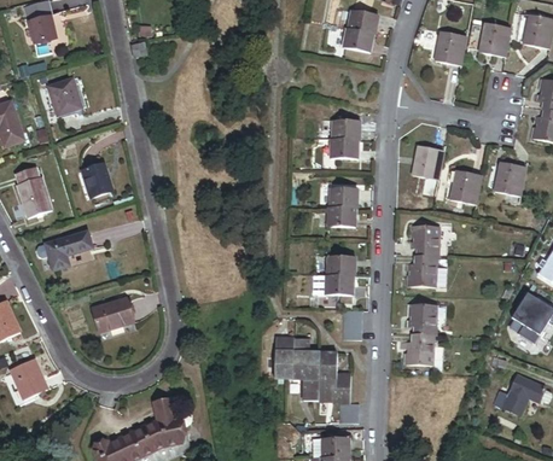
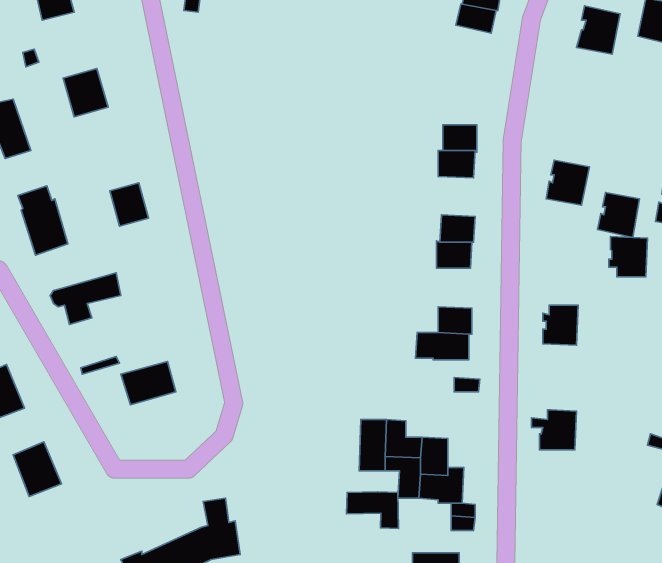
building: [411,224,440,255] -> [609,237,647,277]
building: [408,303,437,334] -> none
building: none -> [347,492,399,528]

